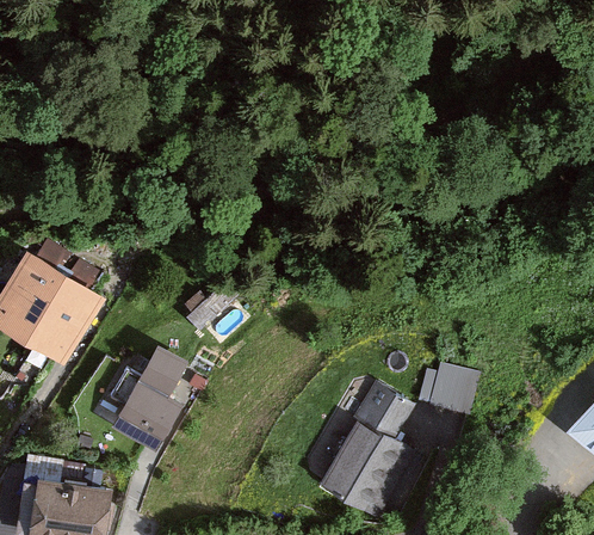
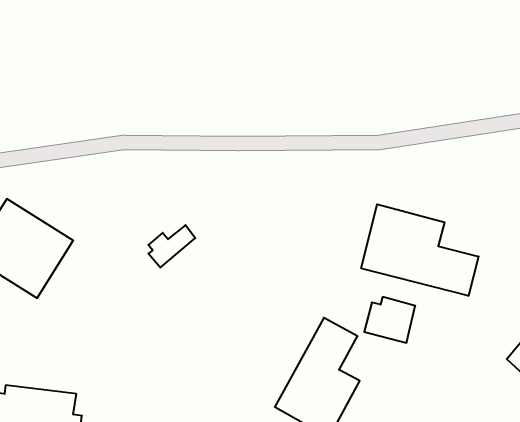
building: none -> [361,204,479,296]
building: [110,348,185,449] -> none

